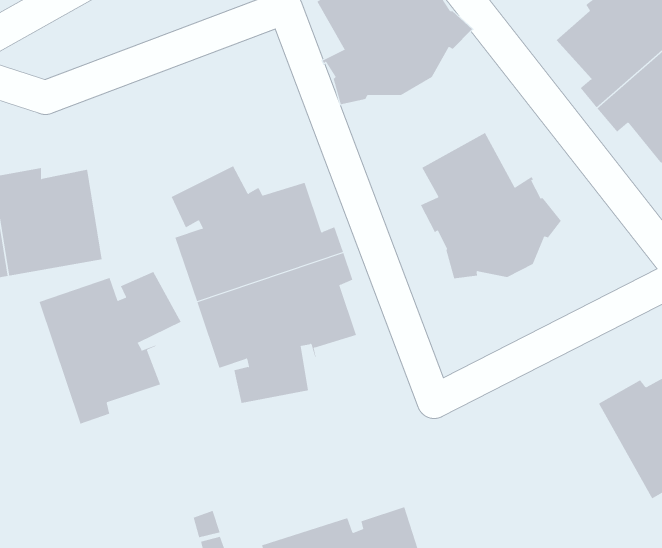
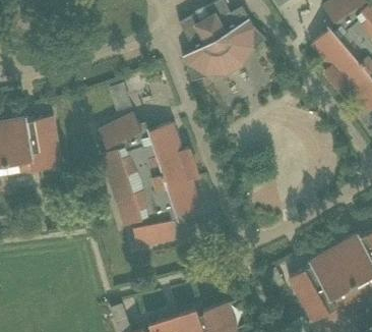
building: [420,132,562,279] -> none
building: [39,271,182,424] -> none
building: none -> [289,244,364,320]

